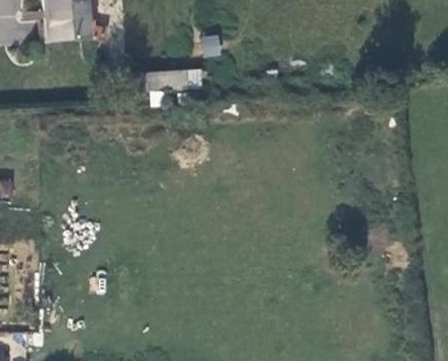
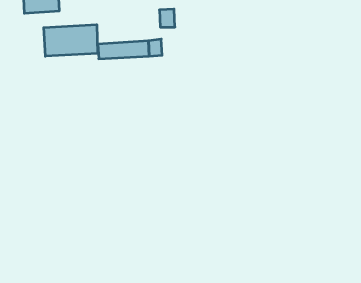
building: none -> [44,25,97,56]

